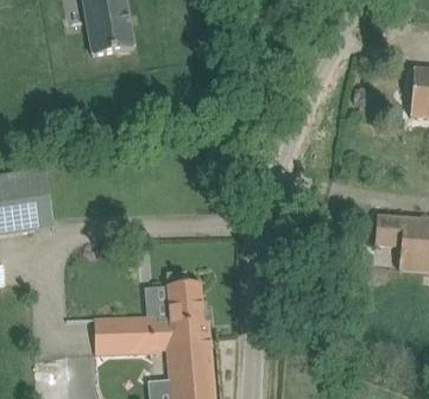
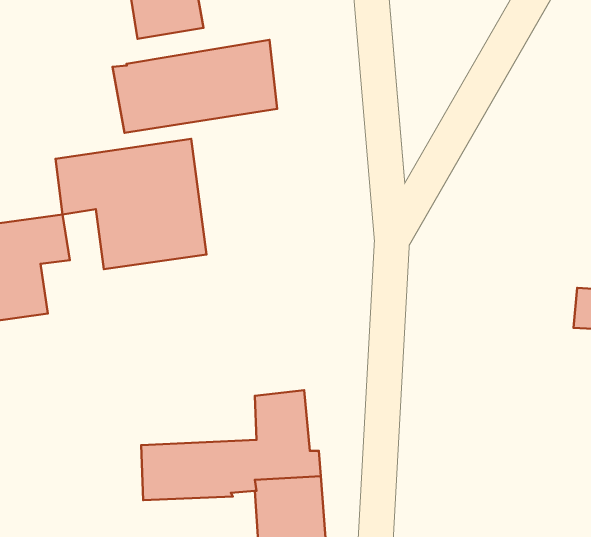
building: none -> [113,40,277,133]
building: none -> [55,139,206,269]

